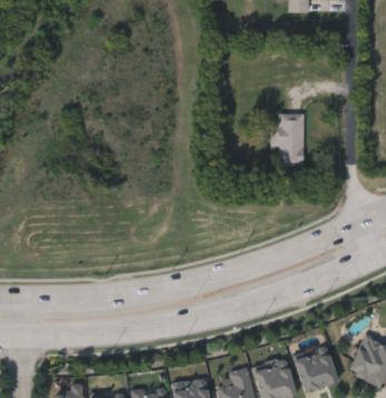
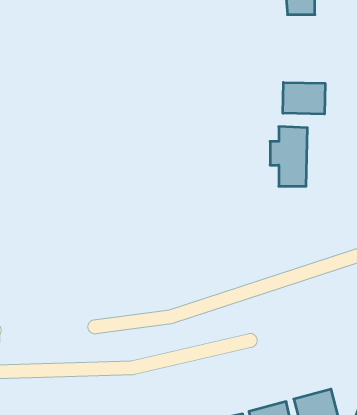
building: none -> [283,82,325,114]

